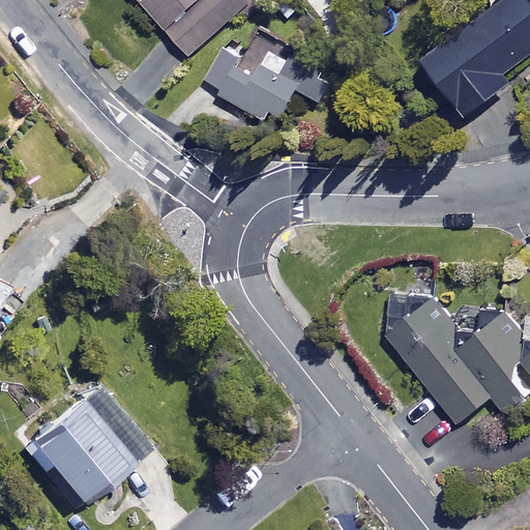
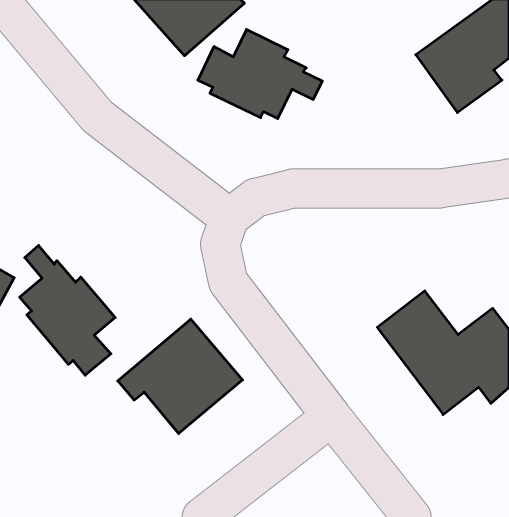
building: none -> [20,245,115,375]
building: [23,387,150,504] -> [118,319,243,434]

